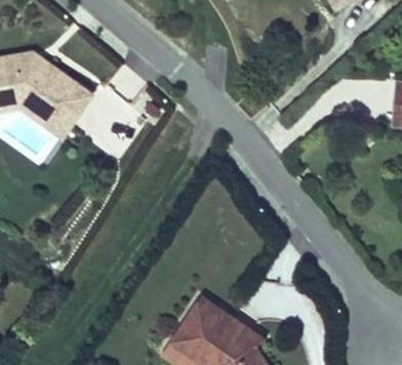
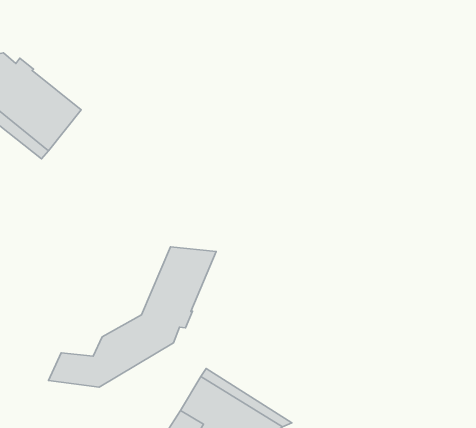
building: none -> [49,247,216,387]

